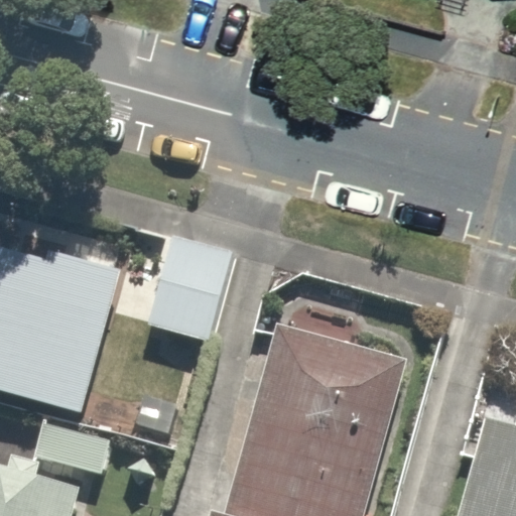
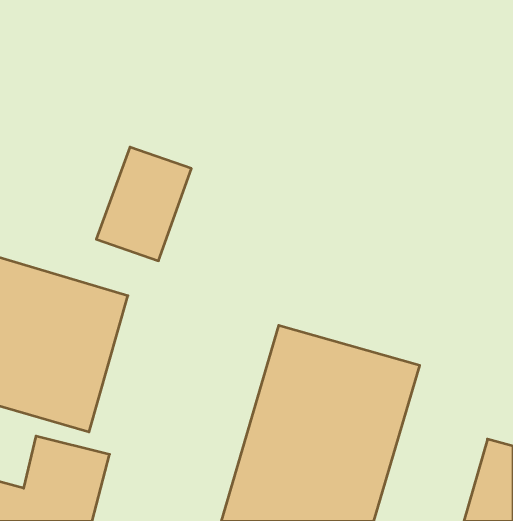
building: [138,238,232,350] -> [96,147,191,261]

